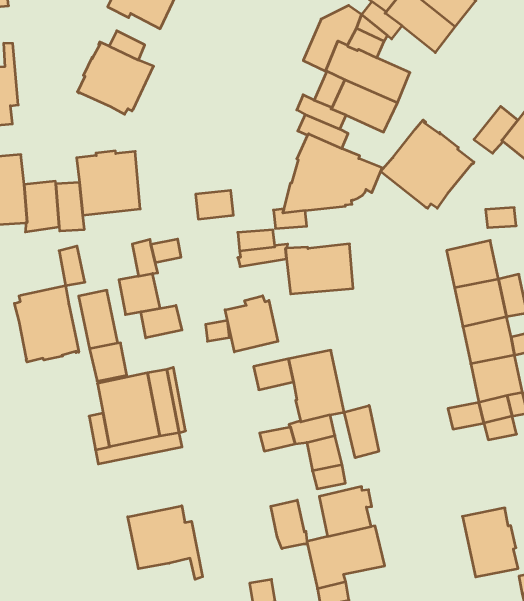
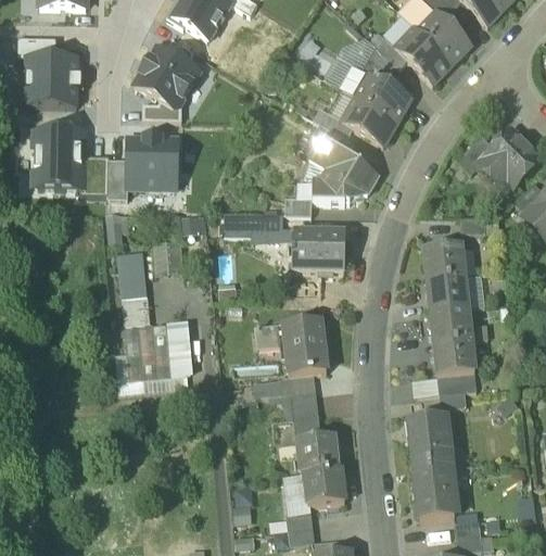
building: none -> [142,100,182,119]
building: [381,120,474,208] -> none
building: [196,190,233,219] -> [225,215,254,236]
building: [14,286,79,362] -> none
building: [225,296,278,352] -> none
building: [141,305,182,338] -> none
building: [344,405,379,458] -> none
building: none -> [408,415,449,469]
building: [271,500,307,549] -> none
building: [128,506,203,579] -> none

